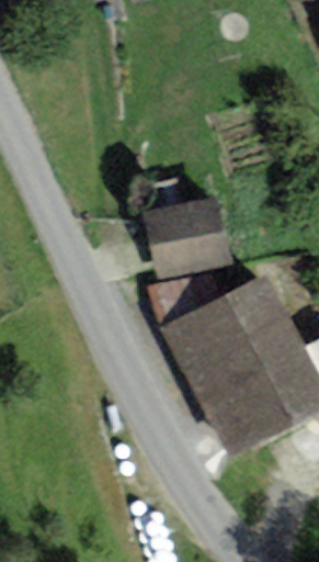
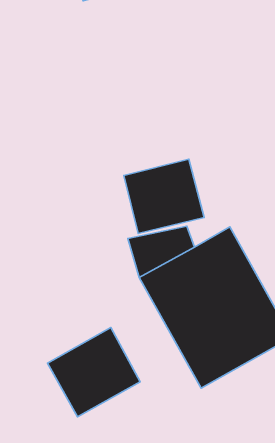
building: none -> [47,328,140,417]

